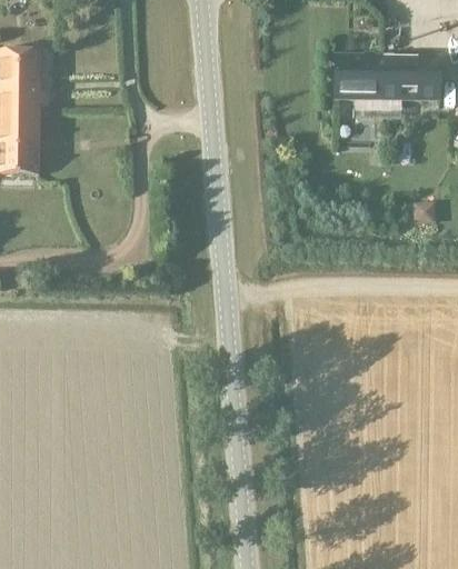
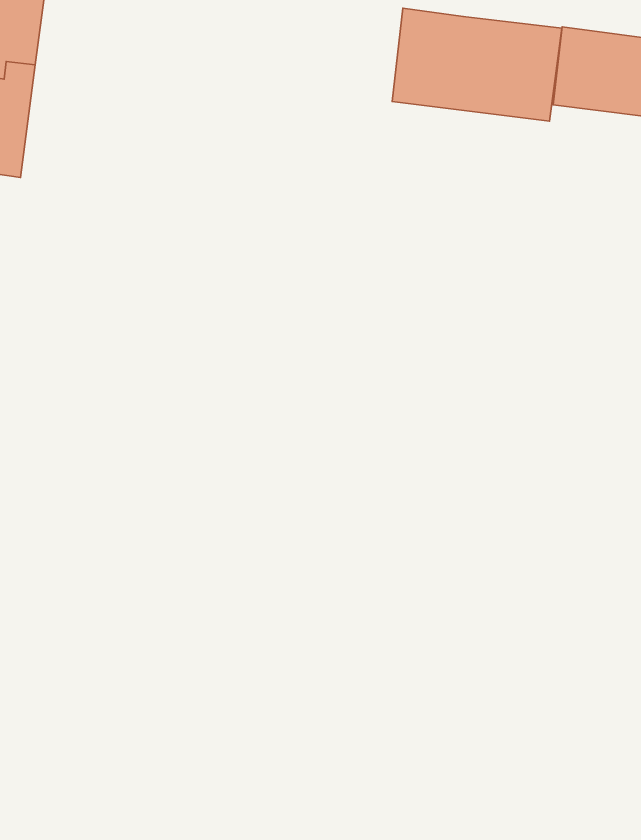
building: none -> [392,8,562,121]

